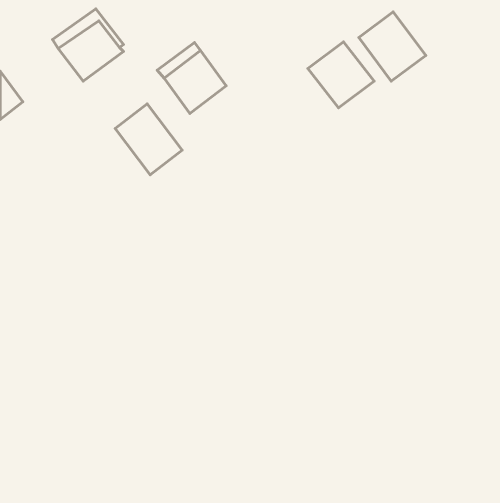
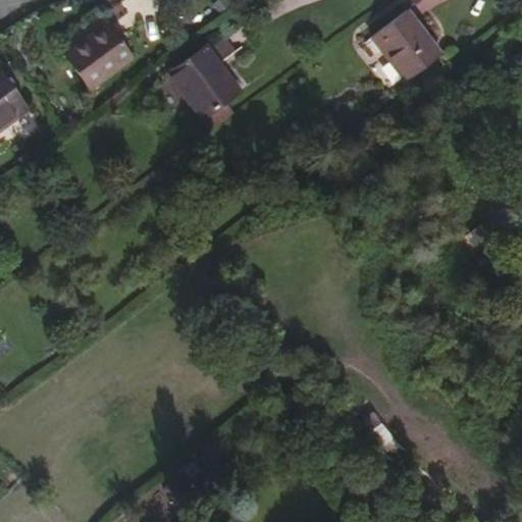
building: [308,42,374,108] -> none
building: [115,104,182,175] -> none

